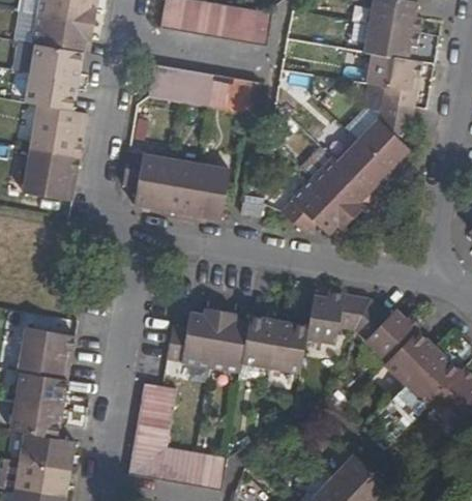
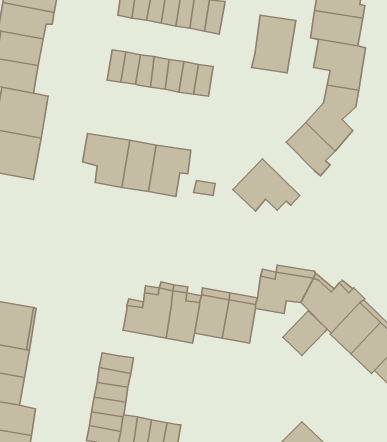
building: none -> [252,15,296,73]
building: [312,157,366,217] -> none
building: none -> [283,311,327,355]

